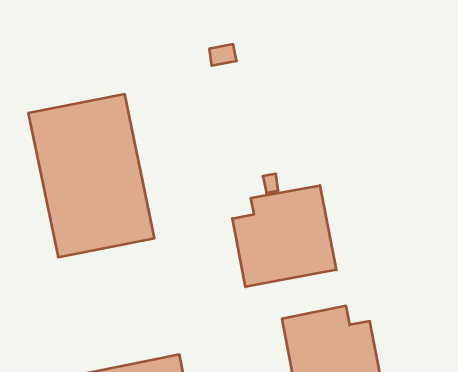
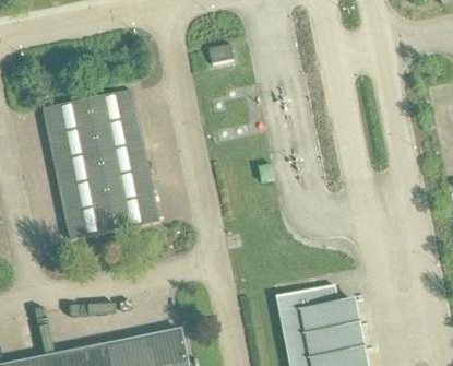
building: [232,185,336,287] -> none

